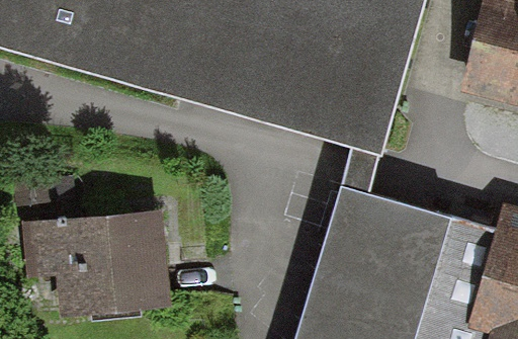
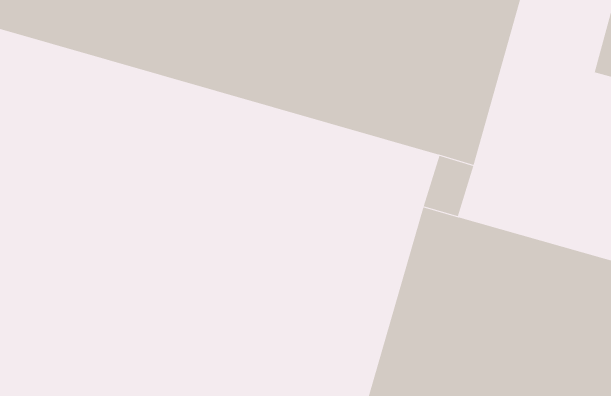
building: [20,213,166,317] -> none

